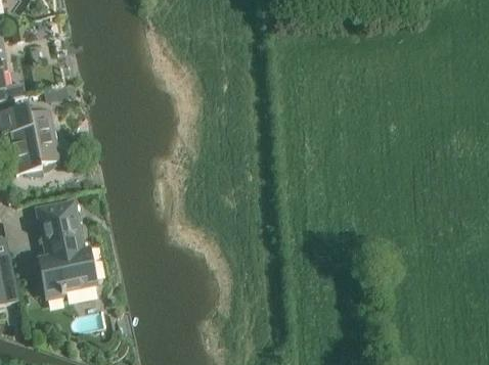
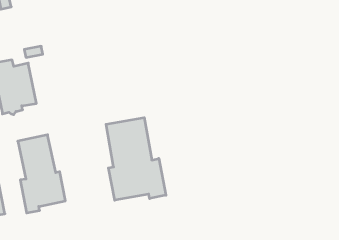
building: none -> [106,118,166,200]

